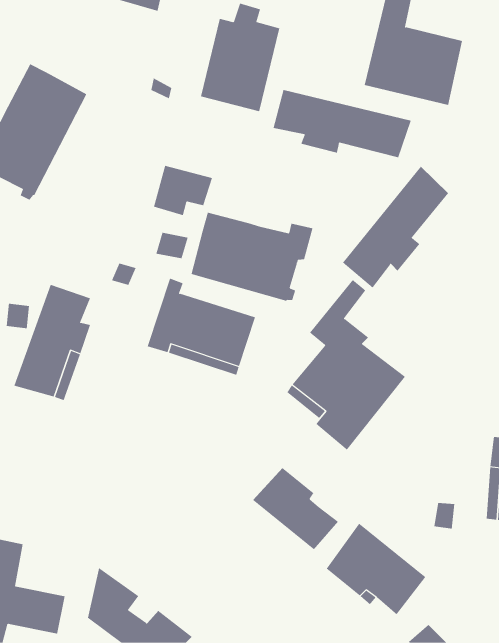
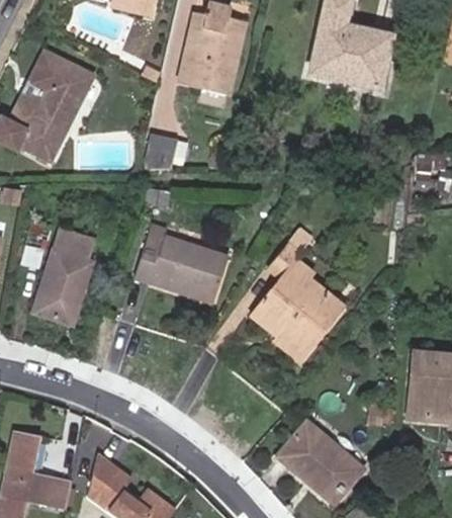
building: [273,89,412,158] -> none
building: [342,166,449,289] -> none
building: [191,212,313,301] -> none
building: [252,467,339,550] -> none

